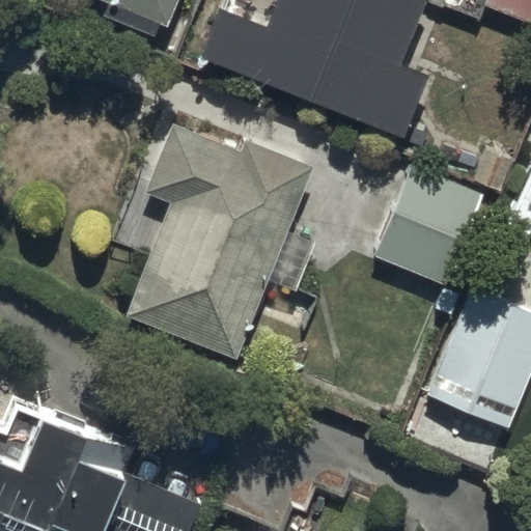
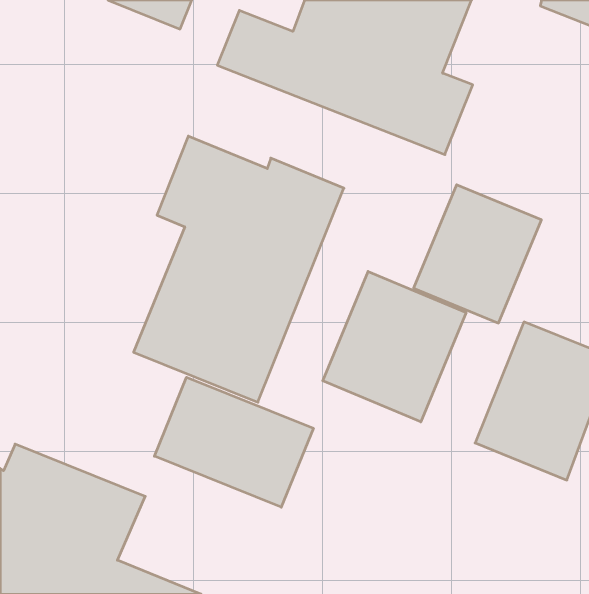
building: none -> [323,271,466,422]
building: none -> [154,377,313,507]

